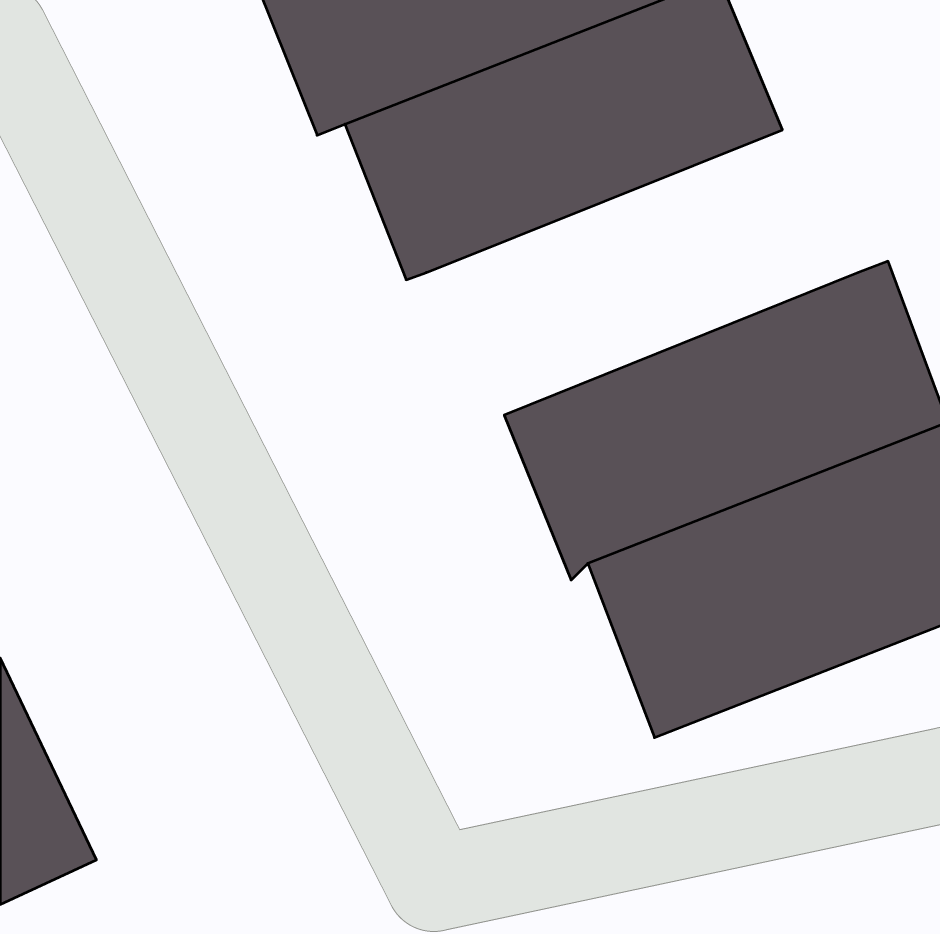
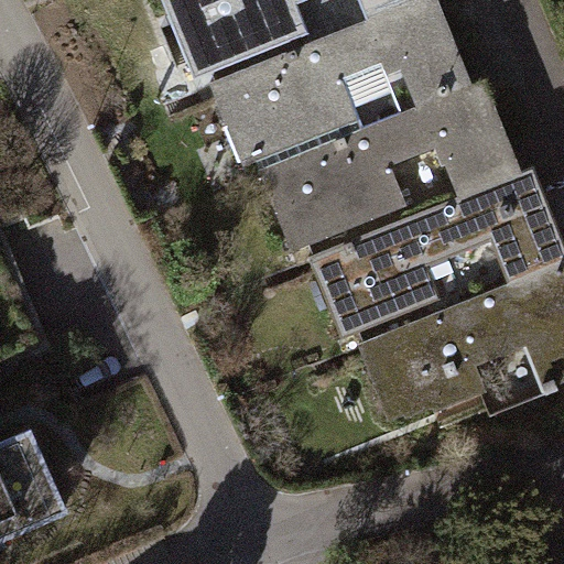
building: none -> [258,74,514,252]

